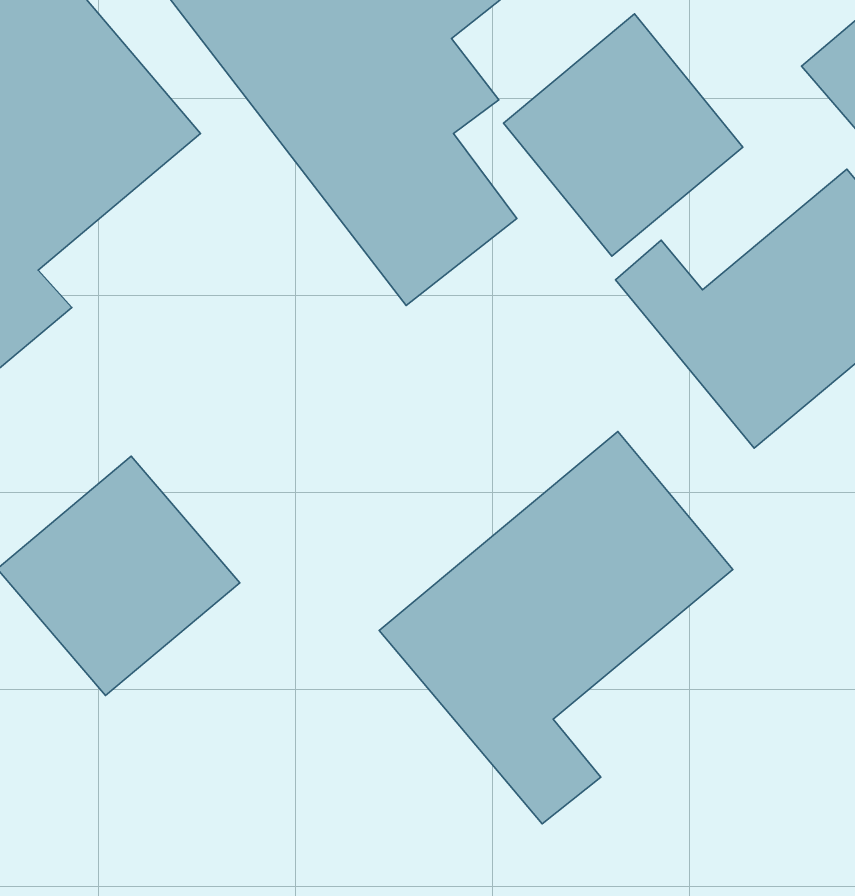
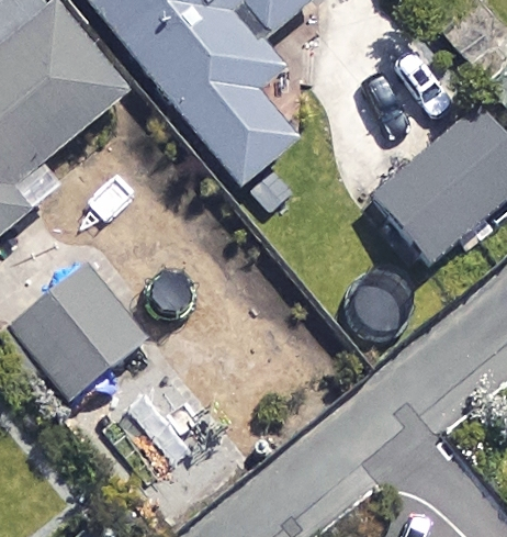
building: [504,14,743,256] -> none
building: [379,432,733,824] -> none

